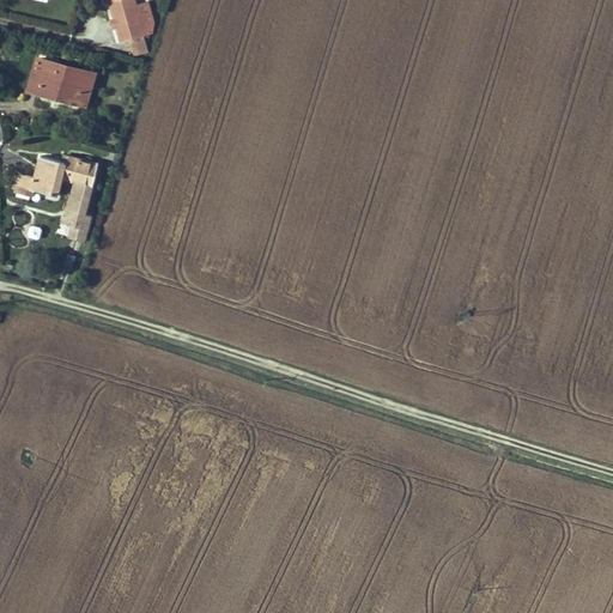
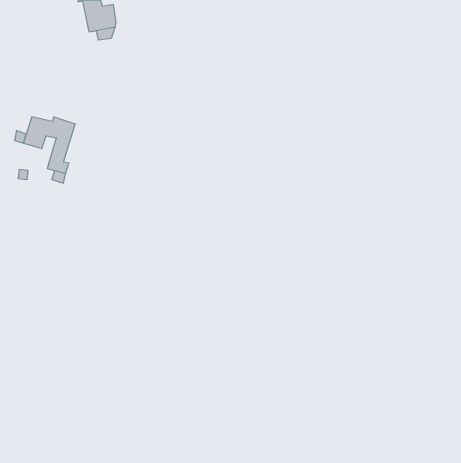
building: [29,59,95,107] -> none

